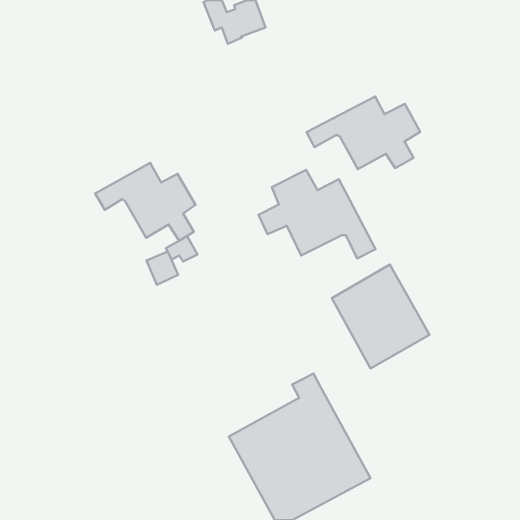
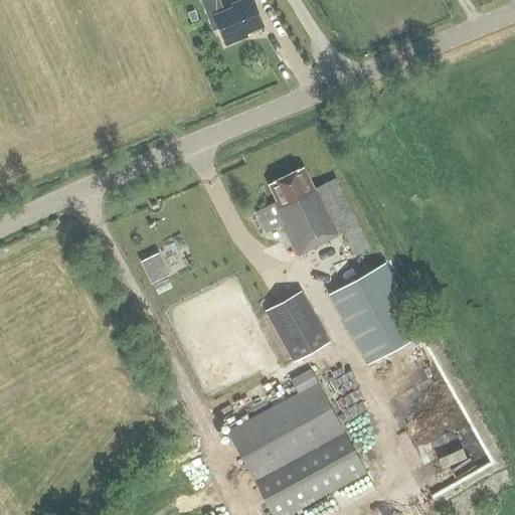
building: [306,96,420,169] -> none
building: [95,163,195,241] -> none
building: none -> [266,292,328,360]

